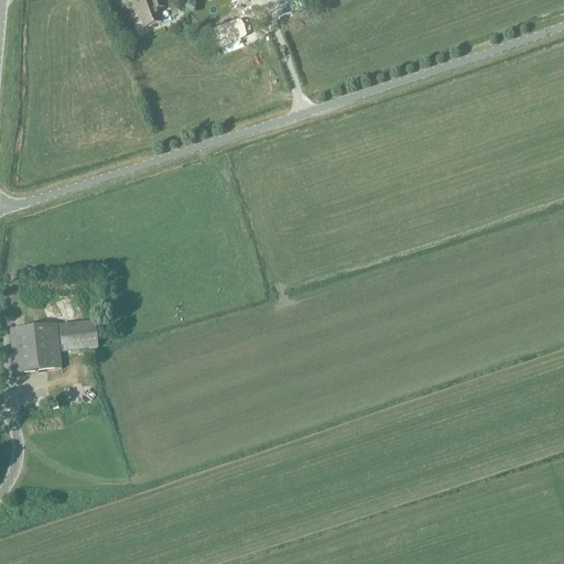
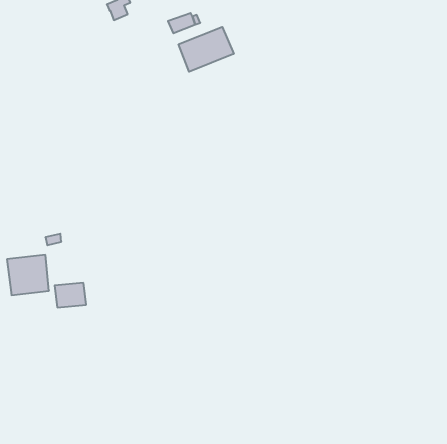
building: none -> [179,27,234,72]
building: [58,318,98,349] -> [55,283,86,307]

